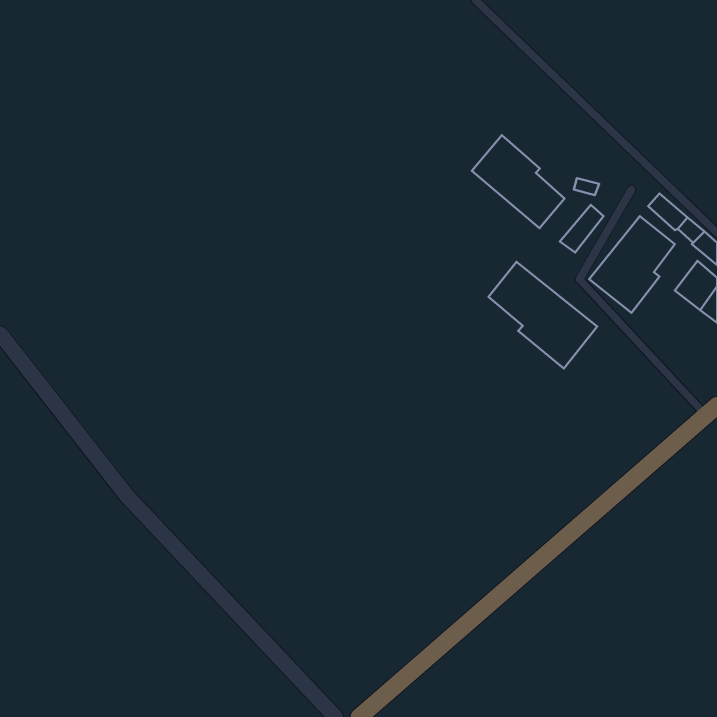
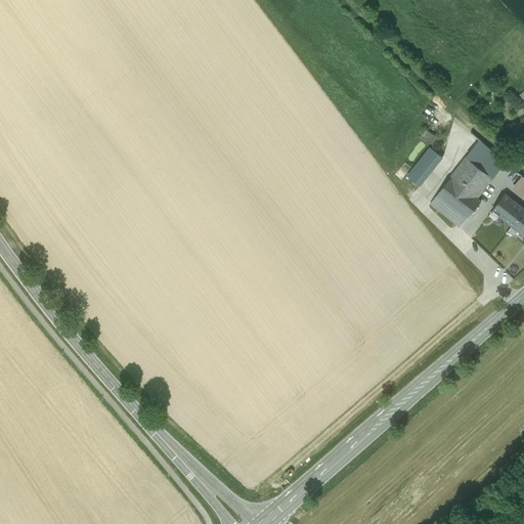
building: [472,135,564,228] -> none
building: [489,262,597,368] -> none

